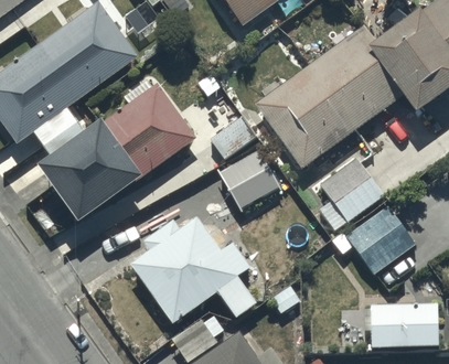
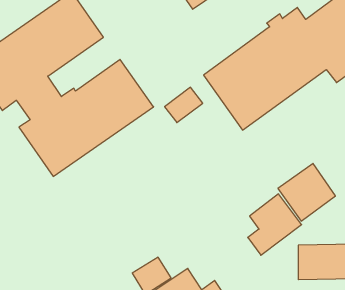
building: [220,149,282,210] -> none
building: [319,159,383,232] -> [248,194,302,255]
building: [132,216,257,323] -> none

